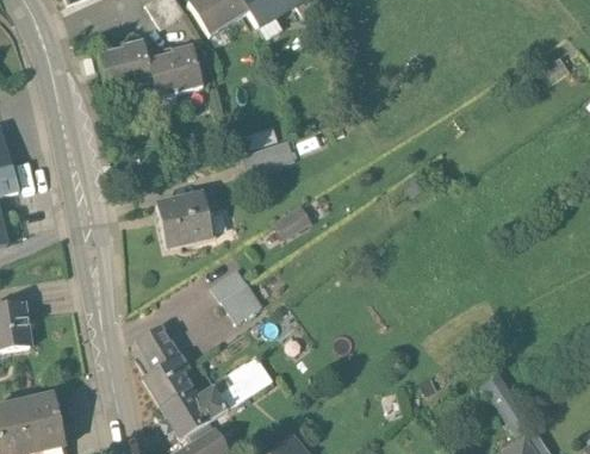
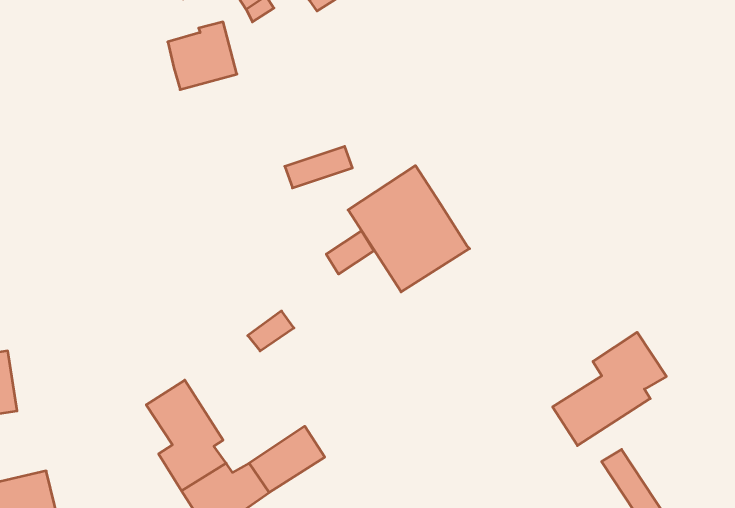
building: [100,38,154,89] -> none
building: none -> [348,166,470,292]
building: [156,192,211,245] -> none
building: [221,280,261,319] -> none
building: none -> [553,332,666,446]

